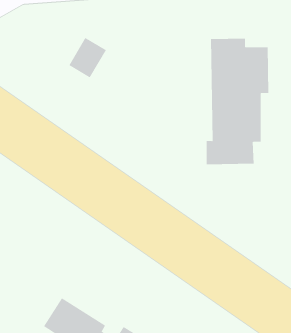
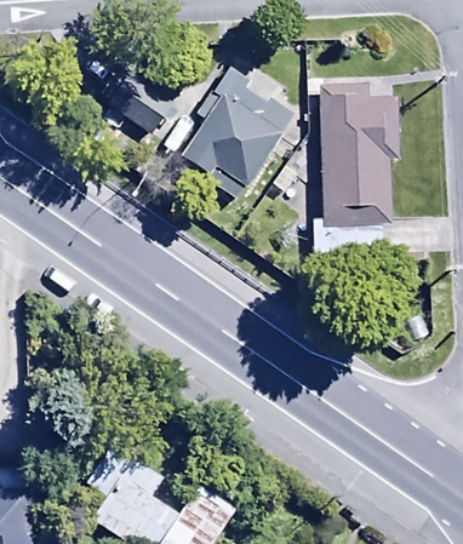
building: none -> [181,67,299,204]

